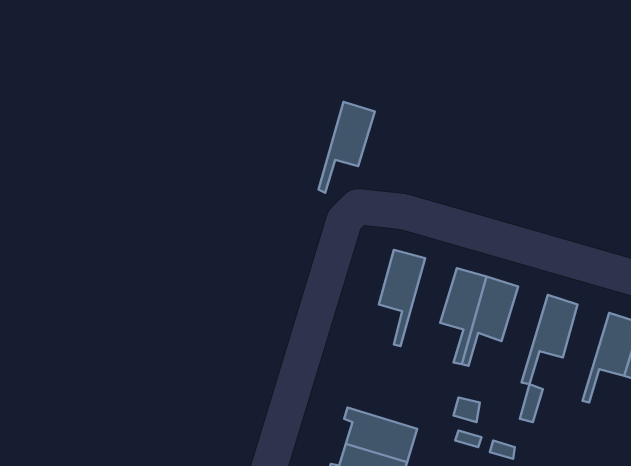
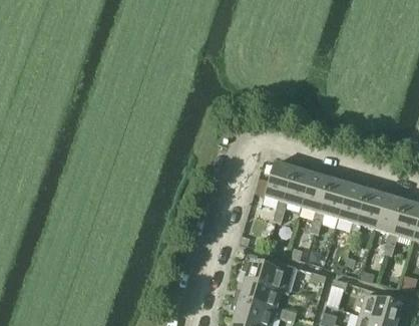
building: [319,102,375,193] -> [279,167,313,222]
building: none -> [340,184,368,242]
building: none -> [377,195,405,253]

